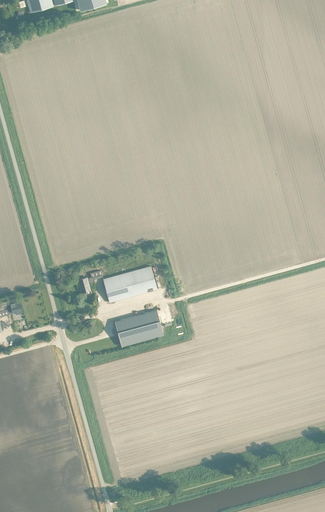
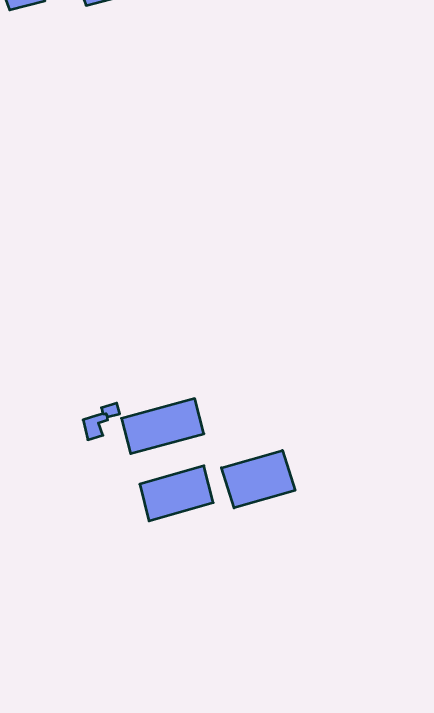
building: none -> [221,450,295,508]

